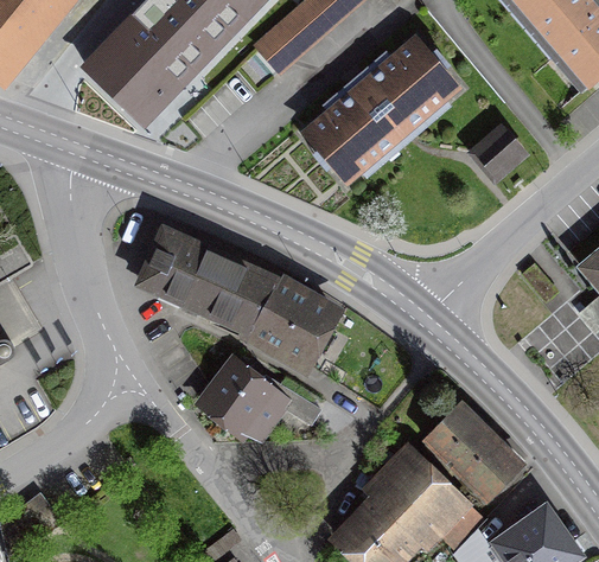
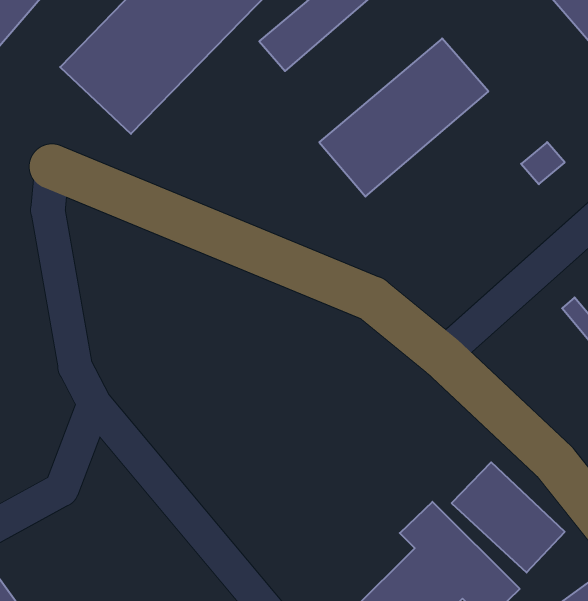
building: [141,234,337,371] -> none
building: [200,352,319,441] -> none

